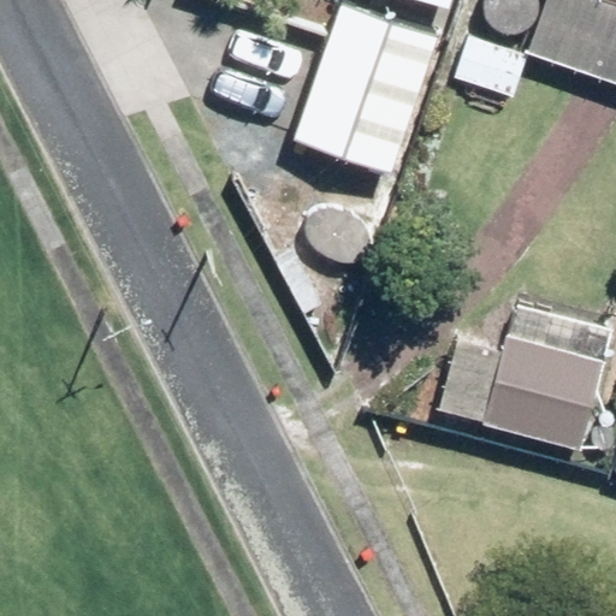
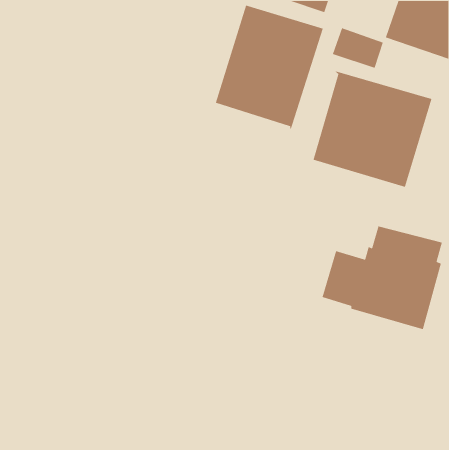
building: none -> [312,70,433,188]

